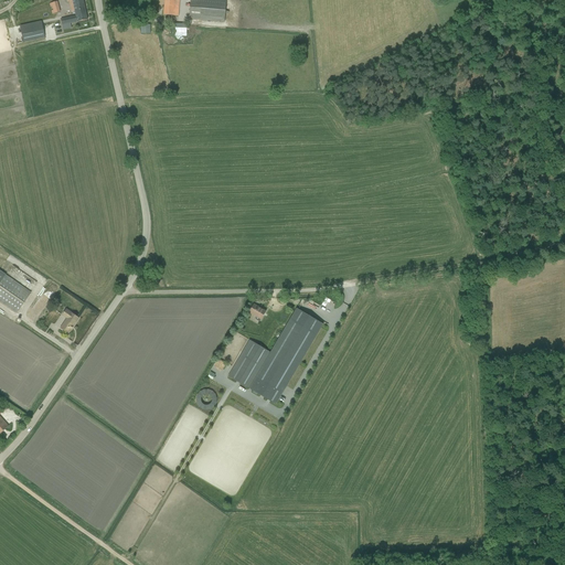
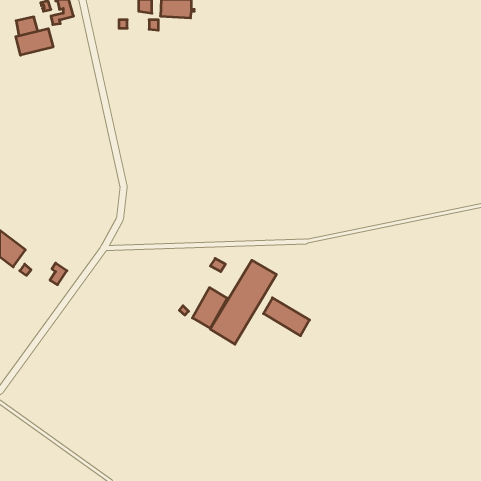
building: none -> [16,29,53,55]
building: none -> [263,298,310,336]

